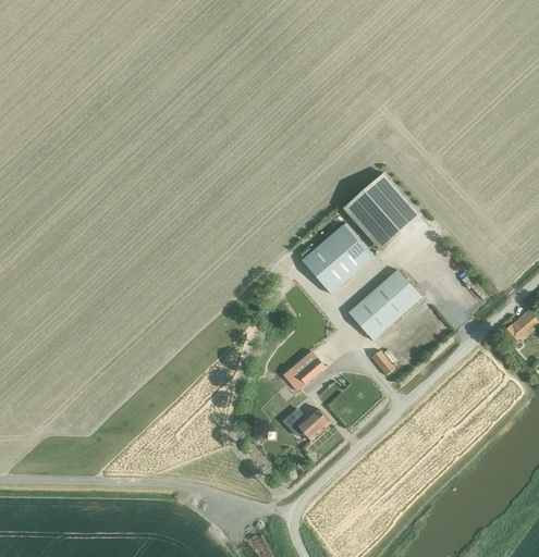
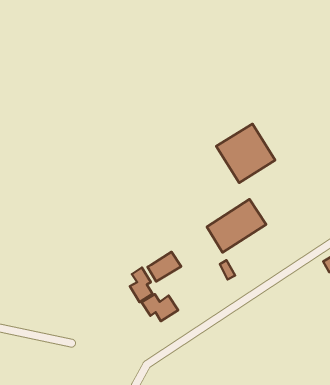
building: [302,222,373,293] -> none
building: none -> [130,267,153,302]

